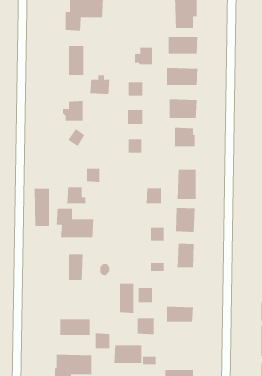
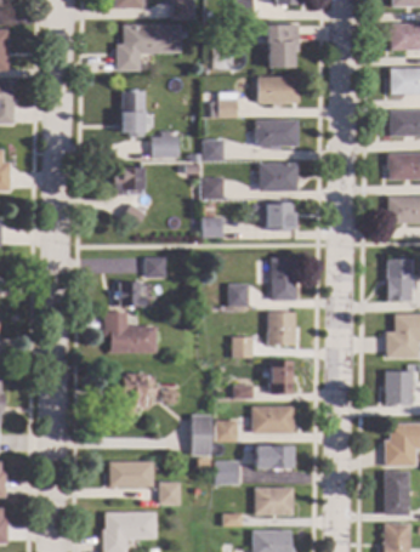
building: [34,188,50,227] -> none
building: none -> [251,406,294,433]
building: [114,345,142,364] -> [254,488,293,513]

